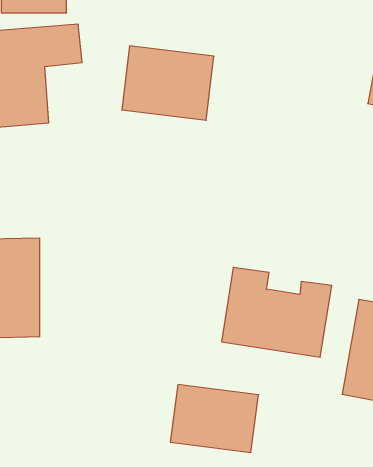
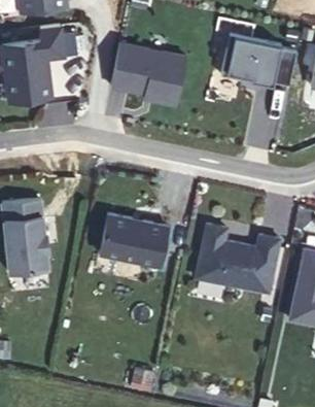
building: none -> [220,32,295,104]
building: [170,385,259,452] -> [100,214,171,269]

